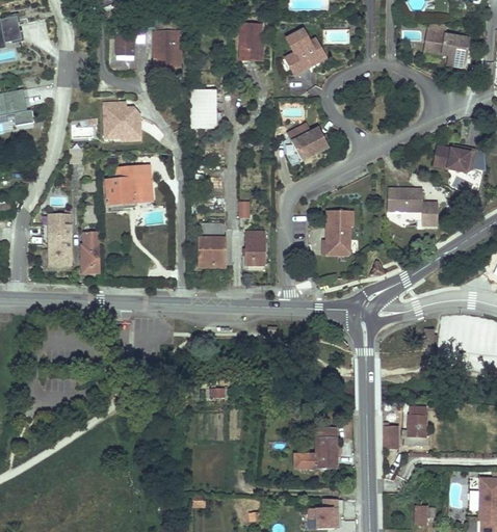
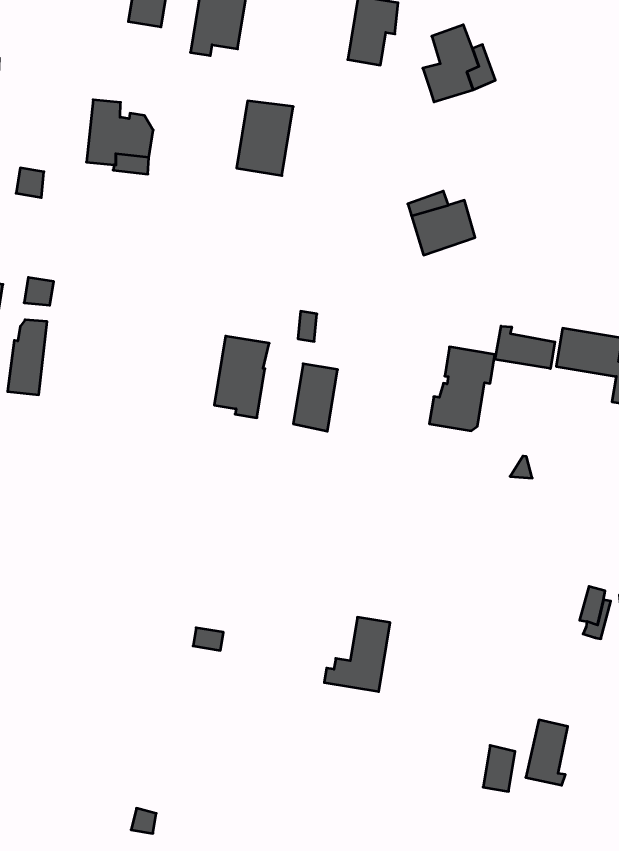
building: [106,166,152,206] -> none
building: none -> [495,326,555,369]
building: [305,429,336,469] -> [324,617,390,692]

